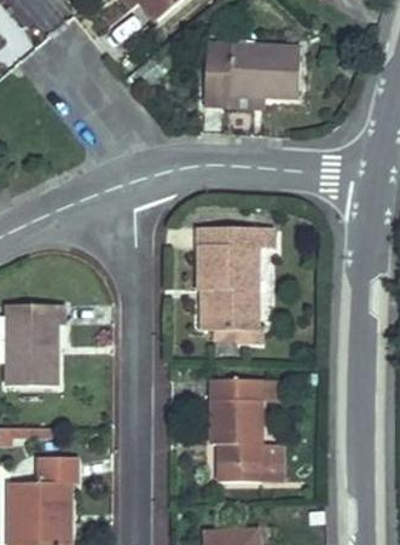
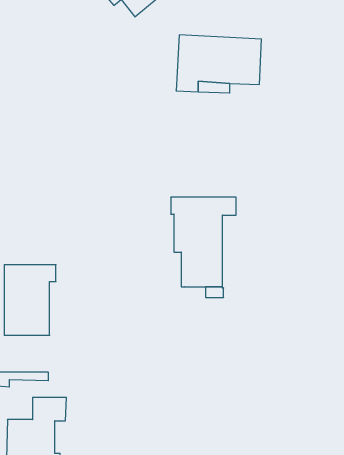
building: [211,379,280,481] -> none

